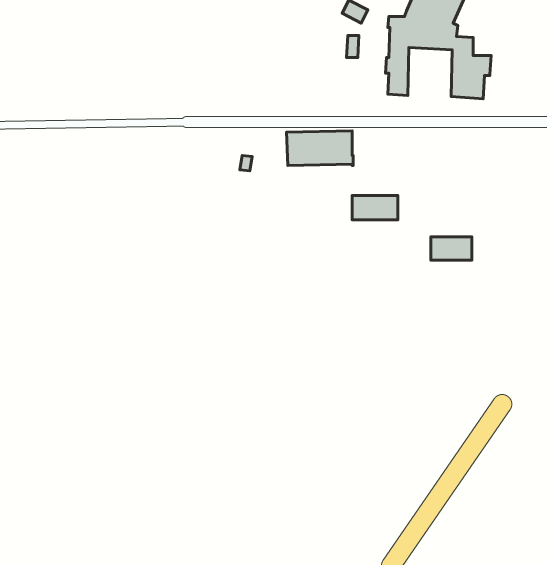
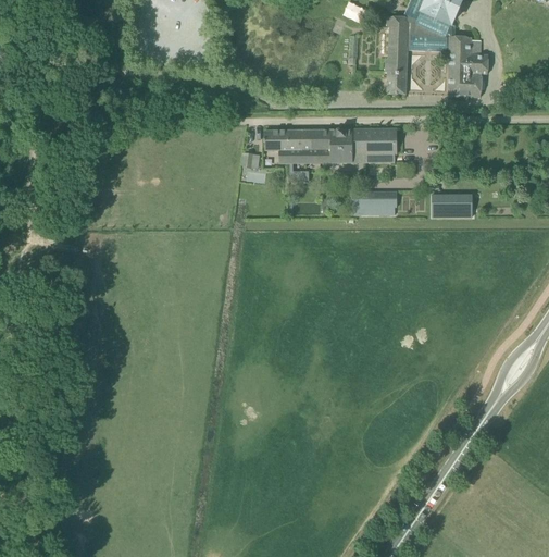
building: none -> [352,128,397,162]
building: none -> [264,129,289,162]
building: [431,237,472,260] -> [432,194,472,216]

